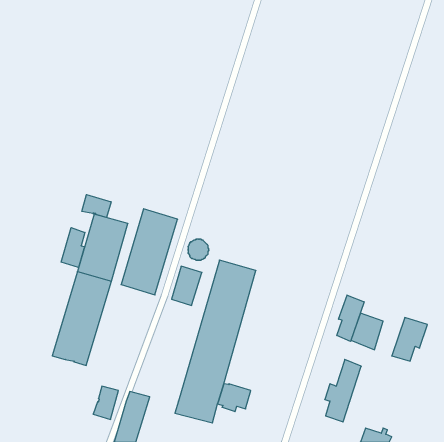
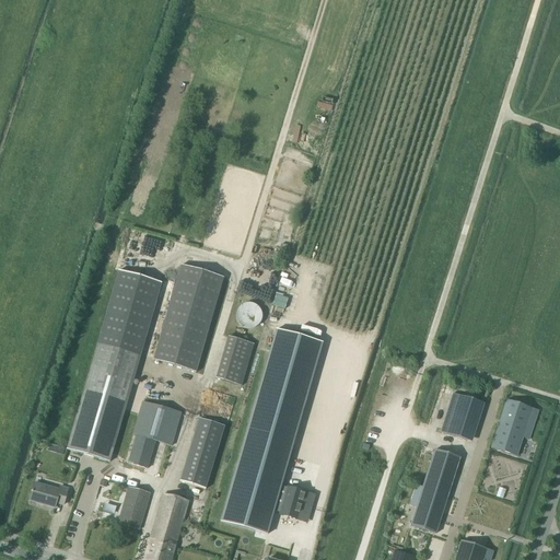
building: [82,195,111,217] -> none
building: [61,228,85,268] -> none
building: [337,295,364,341] -> none
building: none -> [130,400,182,459]
building: none -> [180,416,224,487]
building: none -> [30,481,69,505]

